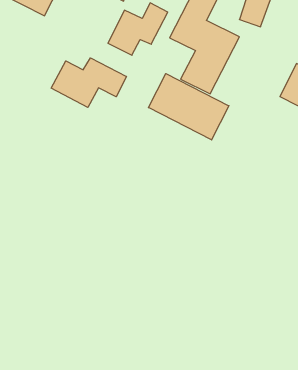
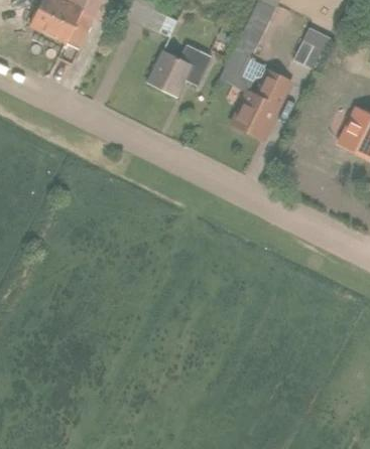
building: [51,58,126,107] -> none
building: [148,74,229,140] -> none

